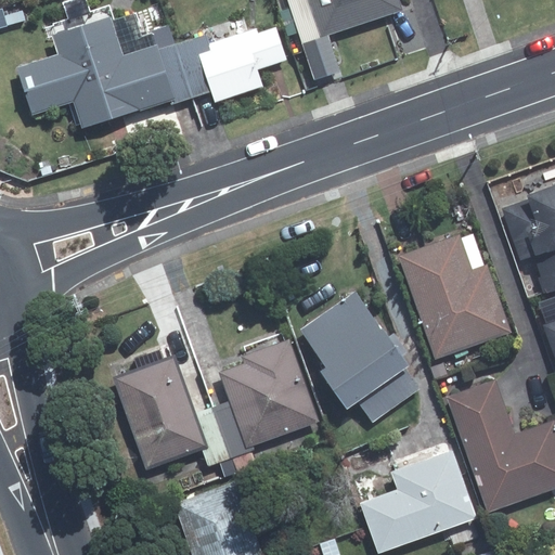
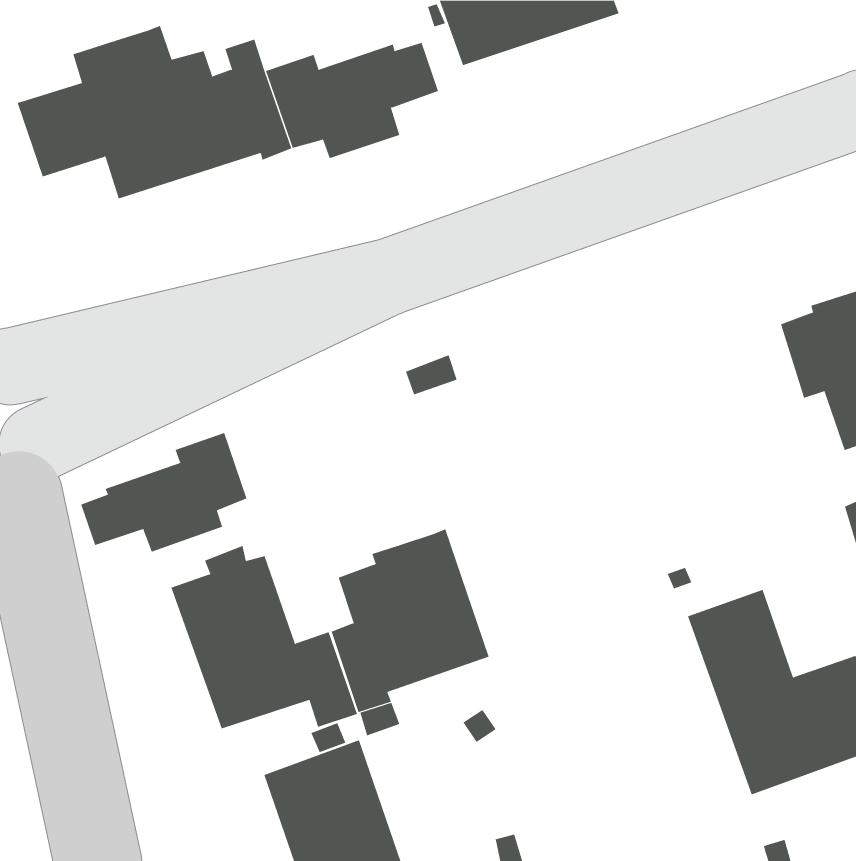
building: [400,235,512,360] -> none
building: none -> [80,432,247,552]
building: [298,286,420,418] -> none
building: [359,444,476,548] -> none

